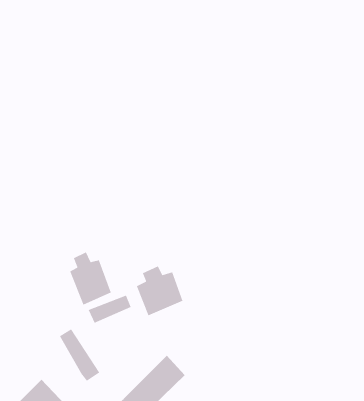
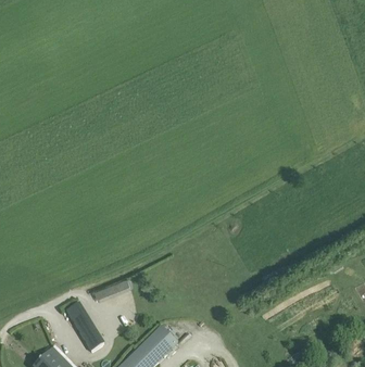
building: [69,251,112,305] -> none
building: [136,265,183,316] -> none

